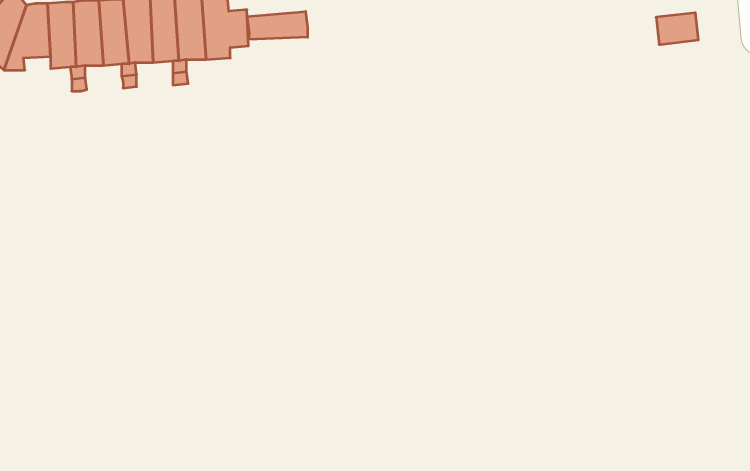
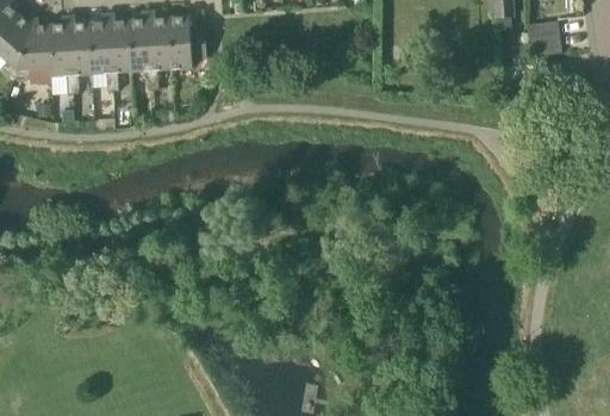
building: [247,11,308,39] -> none

